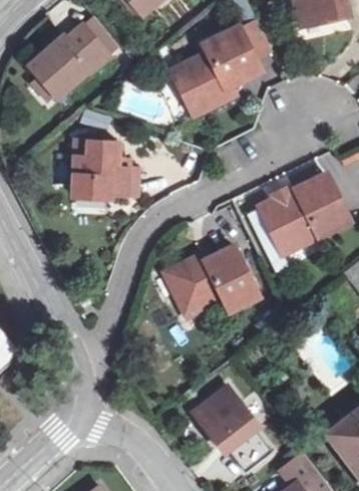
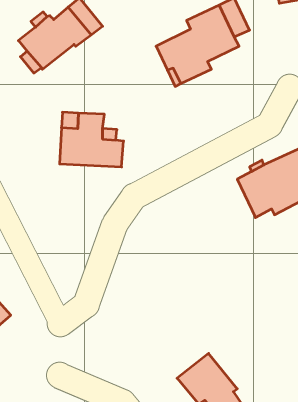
building: [164,248,259,314] -> none

